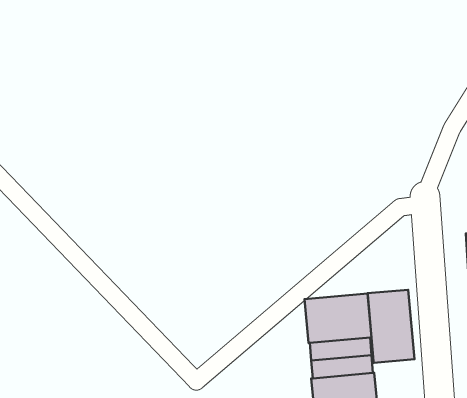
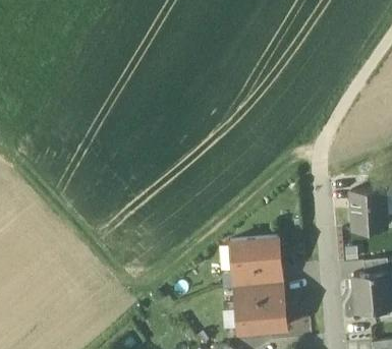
building: [368,290,414,363] -> none

